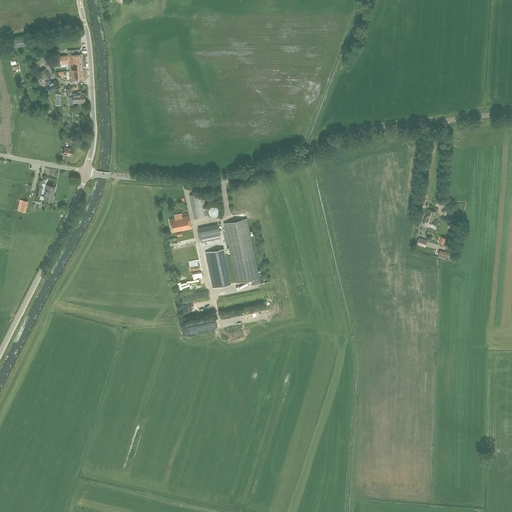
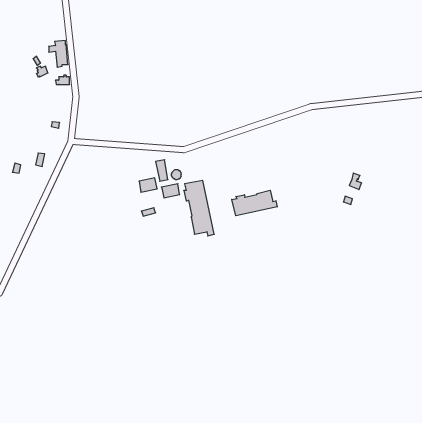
building: none -> [232,190,277,216]
building: [205,250,229,287] -> none

